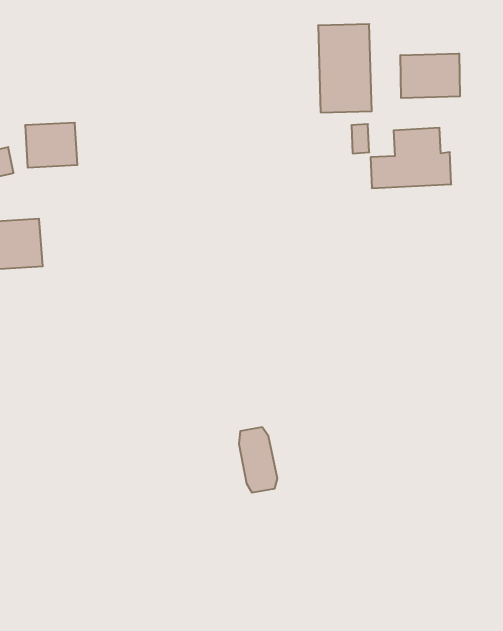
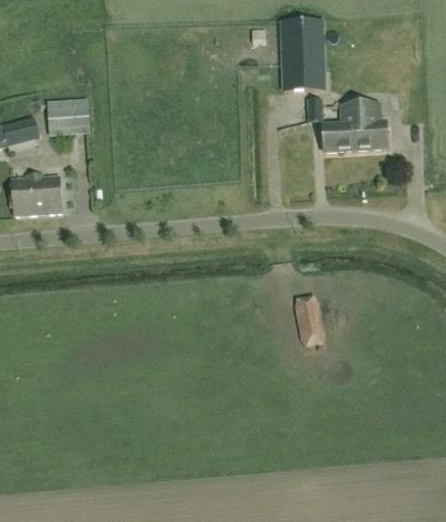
building: [400,53,460,98] -> none
building: [239,427,277,492] -> [295,295,326,347]

